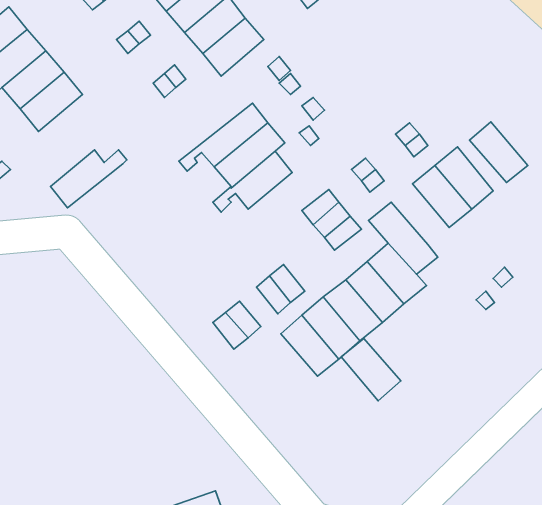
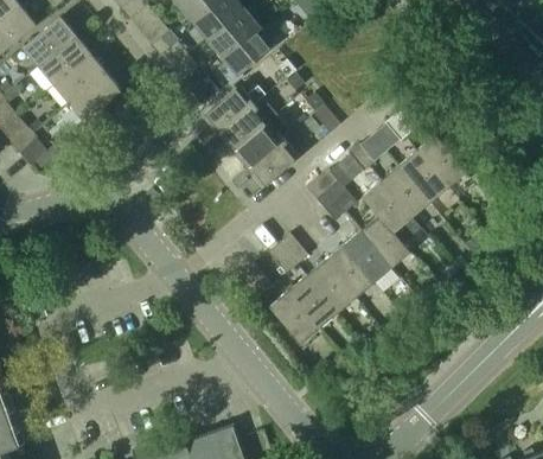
building: [470,122,528,183] -> [381,166,429,217]
building: [50,150,127,208] -> [204,87,268,135]
building: [341,339,401,401] -> [269,292,319,344]

